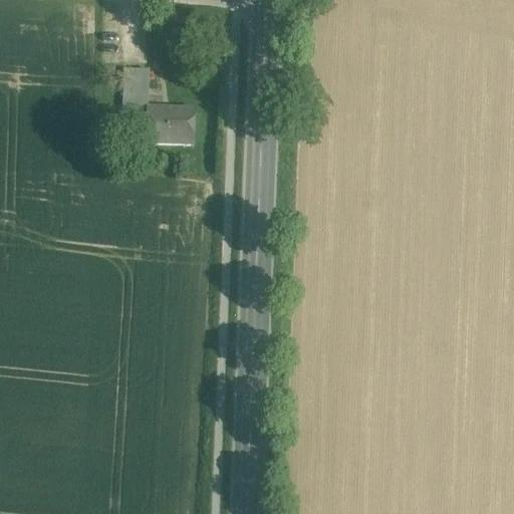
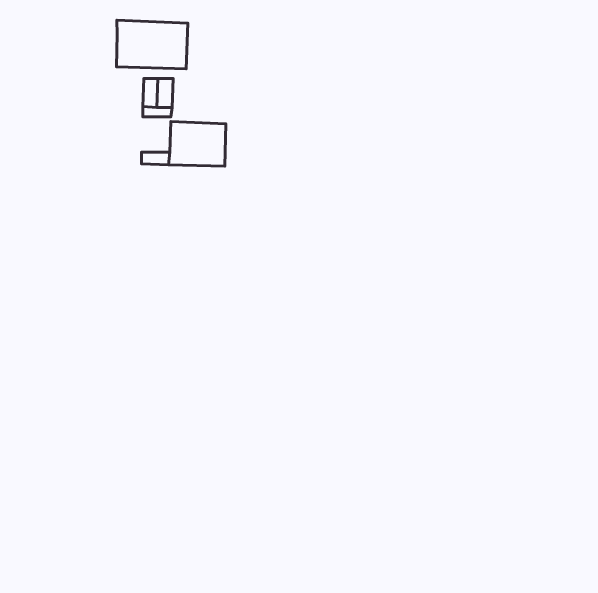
building: none -> [116,20,188,69]

